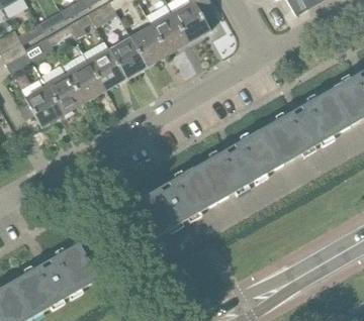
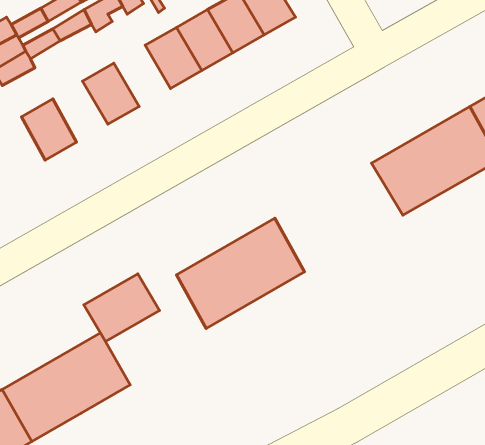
building: [88,47,126,89] -> none
building: [47,72,84,113] -> none
building: [197,127,284,201] -> none
building: none -> [84,274,160,342]

